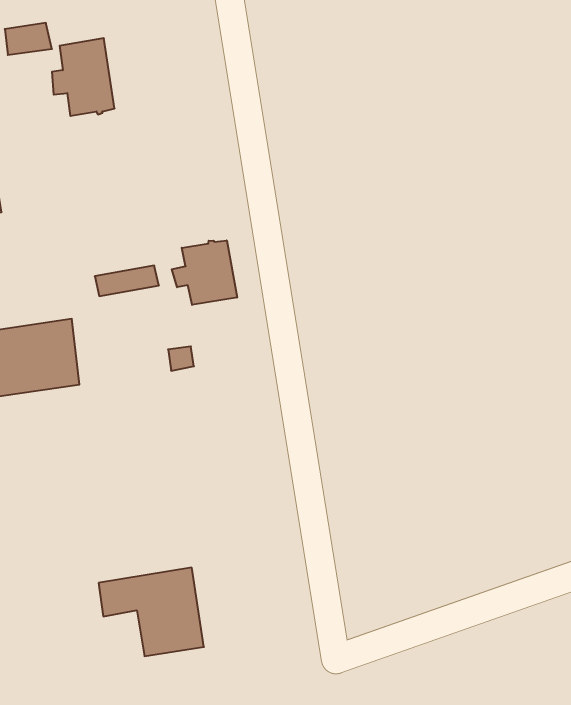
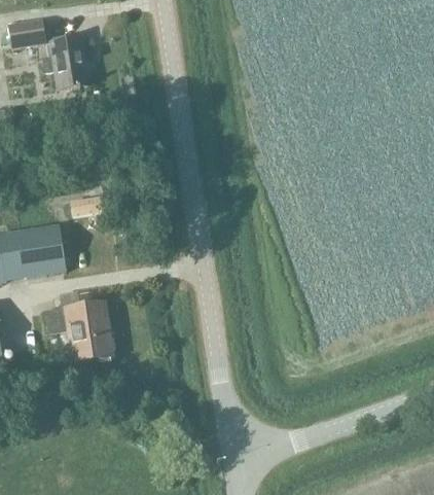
building: [172,240,237,305] -> none
building: [99,568,204,656] -> [42,300,113,360]

